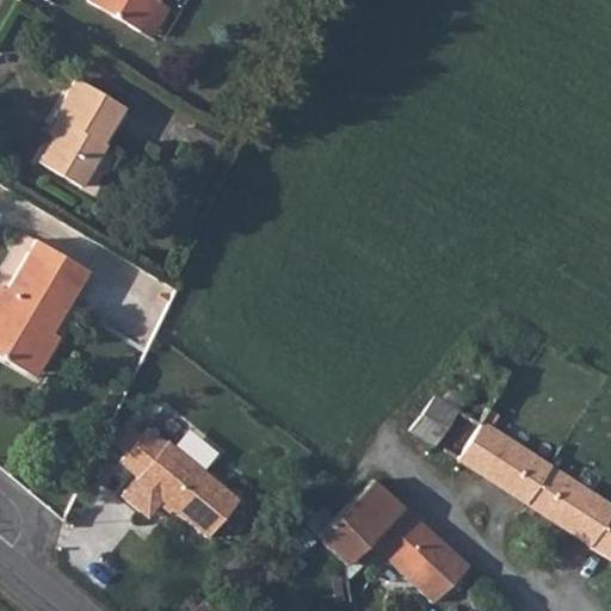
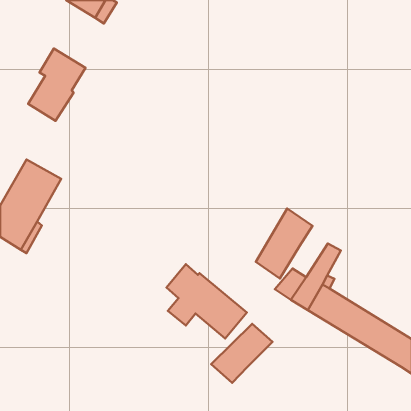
building: none -> [256,208,312,279]
building: [121,432,240,542] -> [166,264,247,338]
building: [368,507,469,604] -> none

